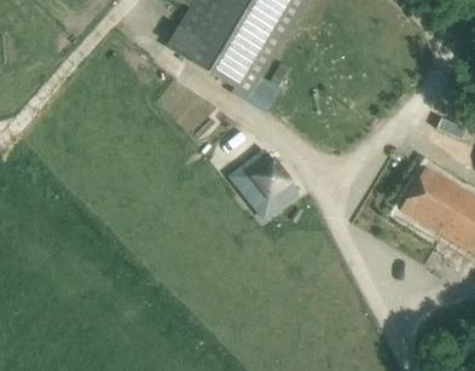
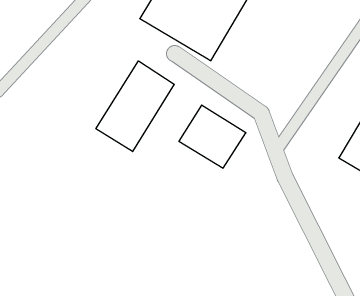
building: none -> [96,61,174,152]

